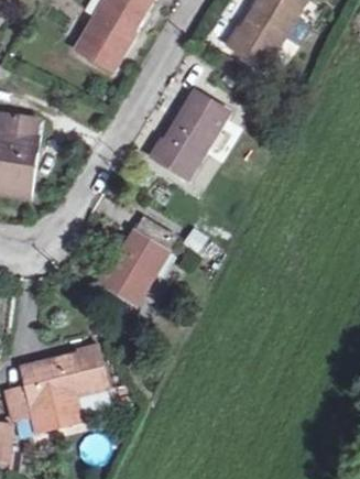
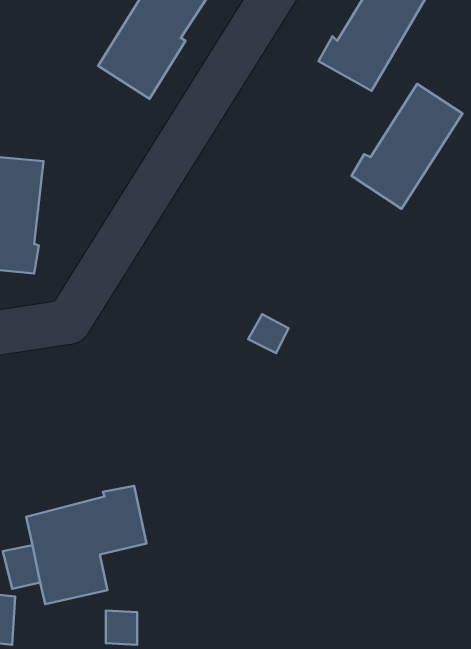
building: [150,89,228,177] -> [352,84,463,209]
building: [98,217,174,304] -> none

